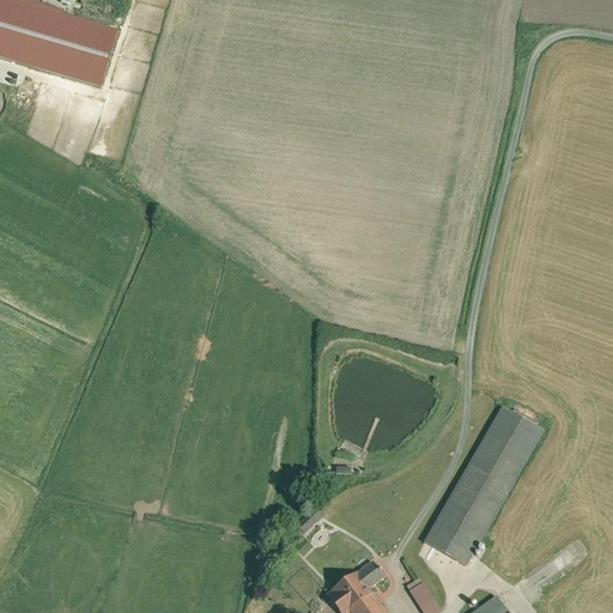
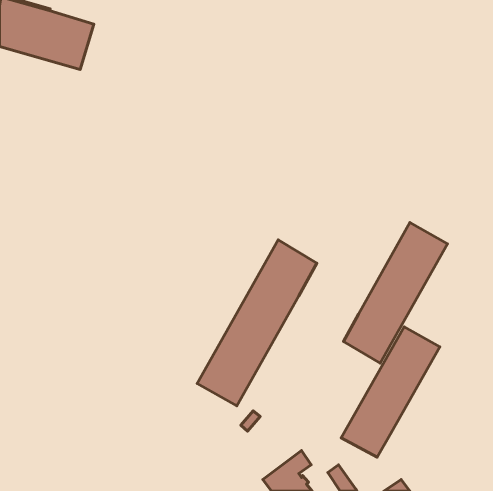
building: none -> [343,223,448,363]
building: none -> [197,240,317,406]

